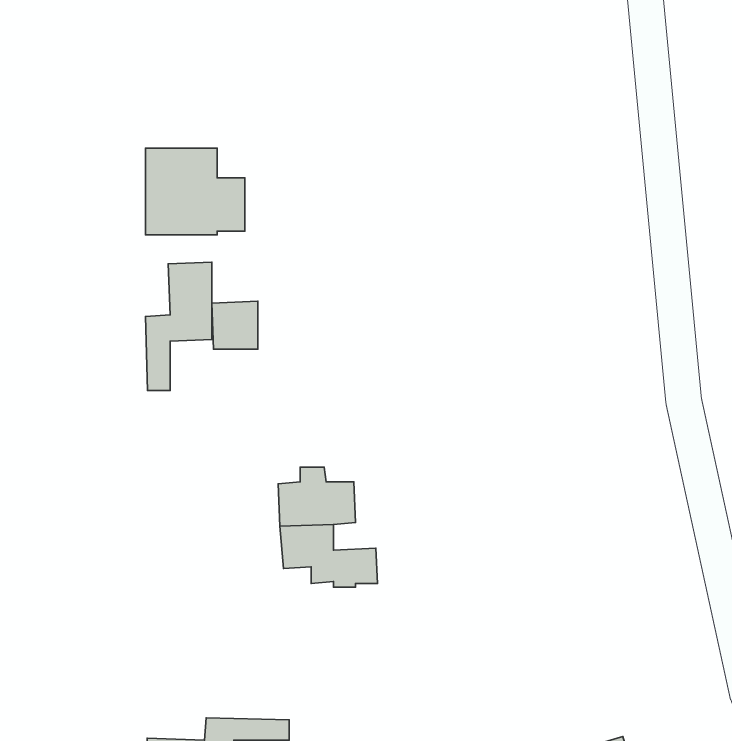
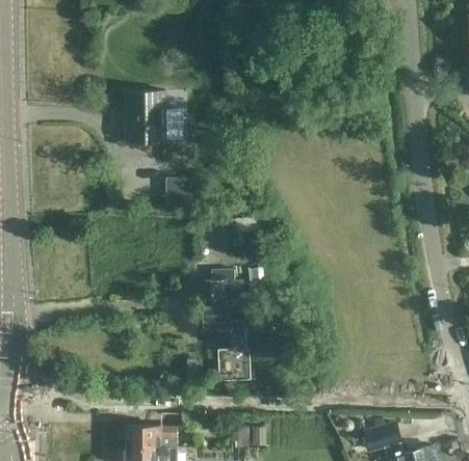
building: [145,262,212,390] -> none
building: none -> [218,348,251,380]

